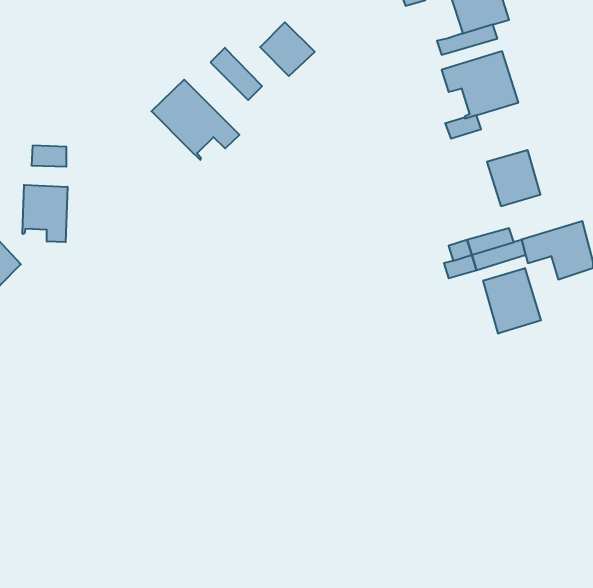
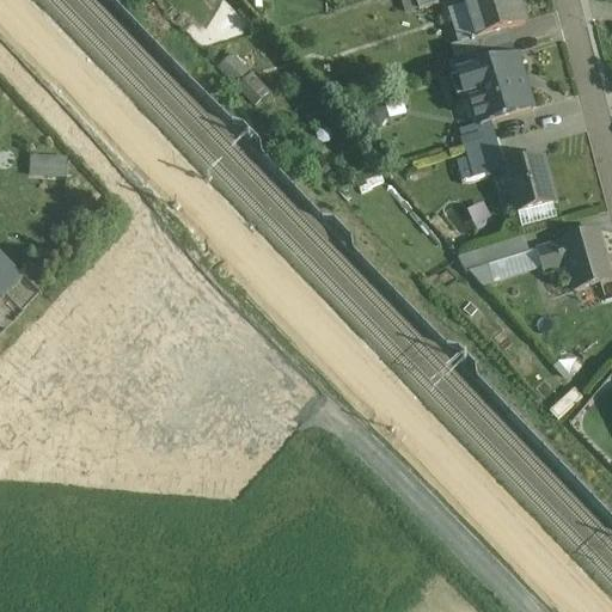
building: [260,22,315,76] -> none
building: [151,80,239,160] -> none
building: none -> [463,133,501,163]
building: [23,185,67,242] -> none
building: [483,268,541,334] -> none

